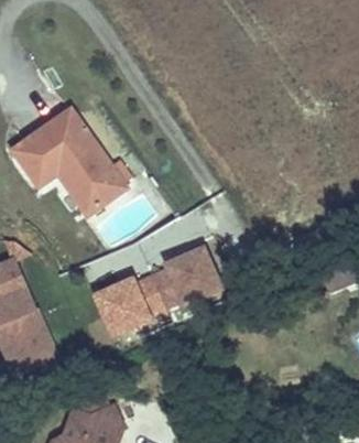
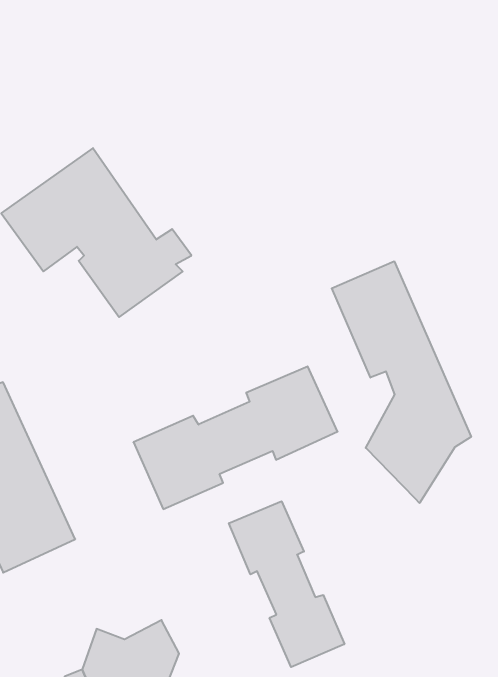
building: none -> [332,261,471,503]
building: none -> [229,501,344,667]

